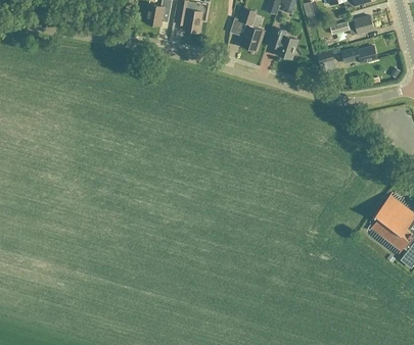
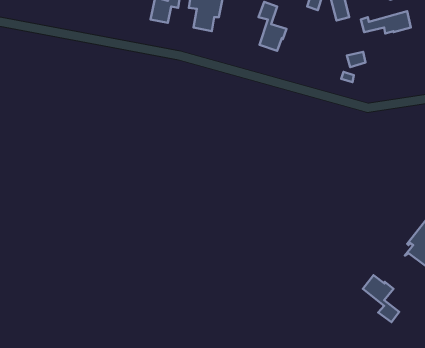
building: [269,27,296,58] -> none
building: [340,46,375,62] -> none
building: none -> [363,275,399,322]

